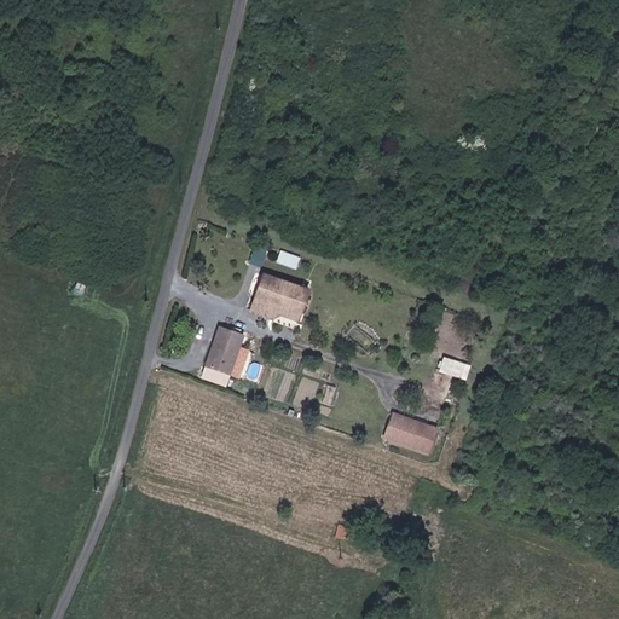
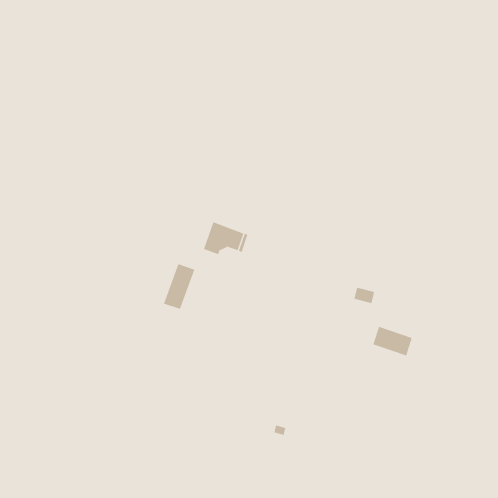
building: [386,413,435,451] -> [373,326,413,356]

